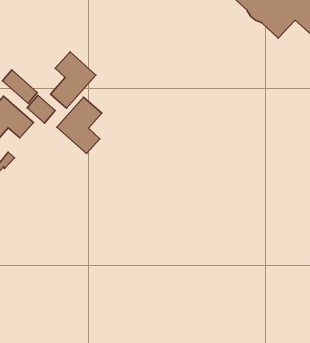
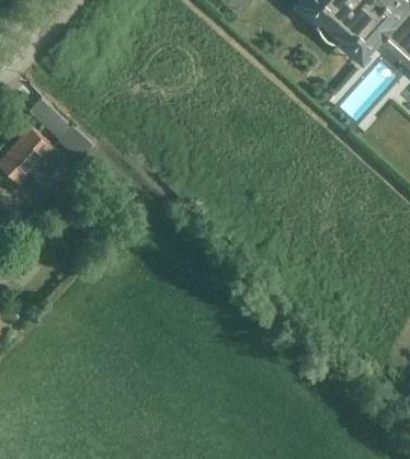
building: [50,52,96,108] -> none
building: [57,97,102,154] -> none

